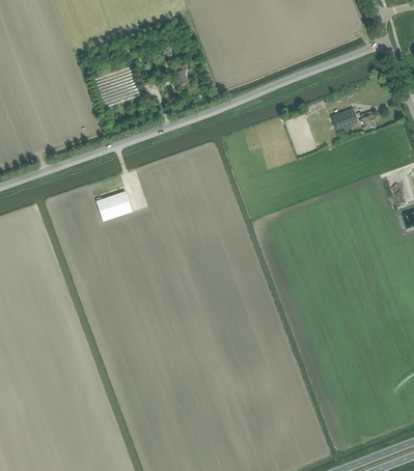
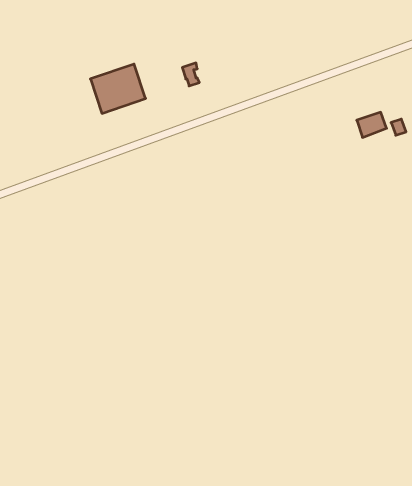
building: [98,191,133,221] -> none

